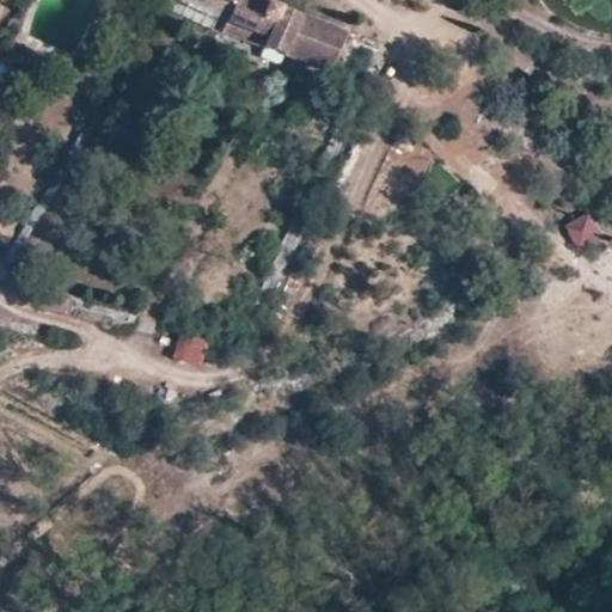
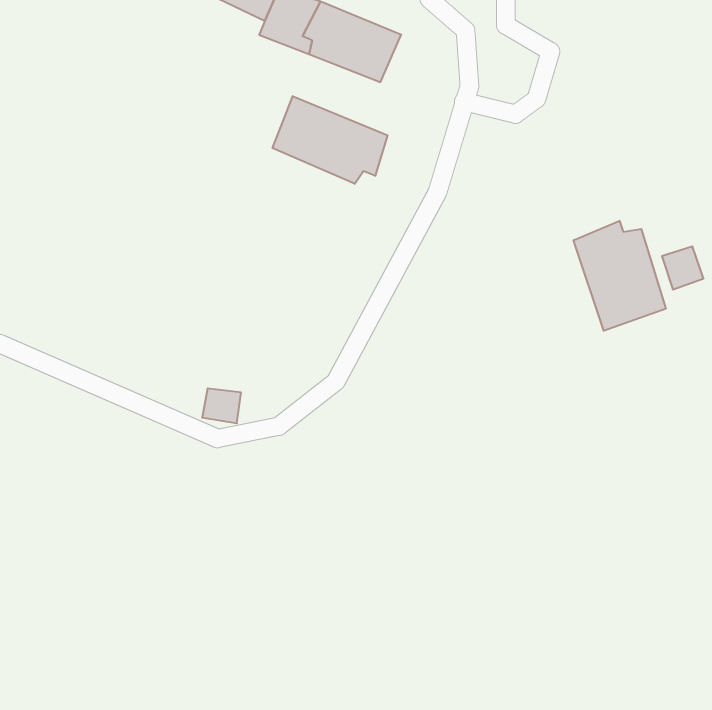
building: none -> [273,96,388,184]
building: none -> [574,221,666,331]

